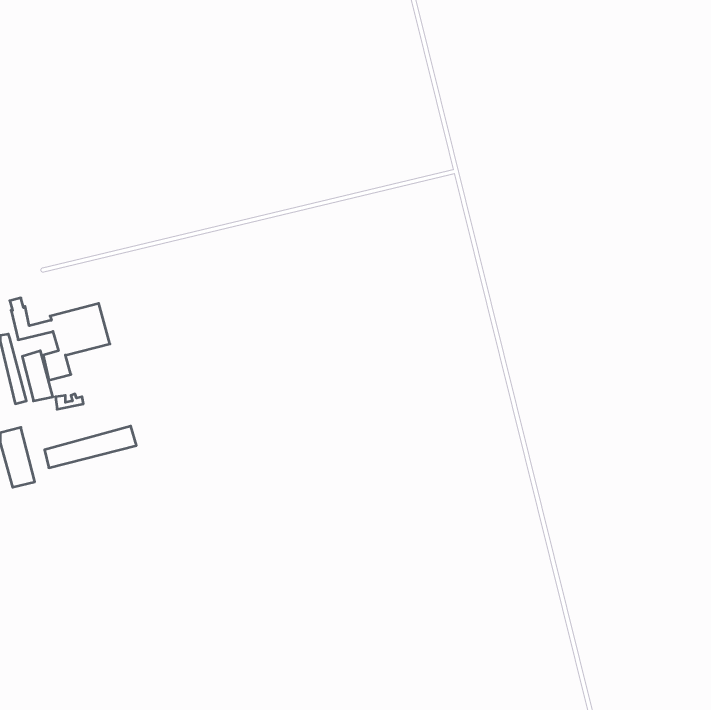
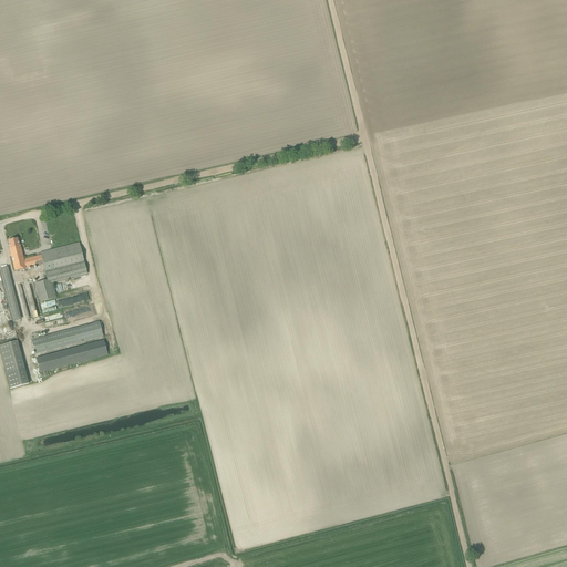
building: none -> [30,321,103,354]

